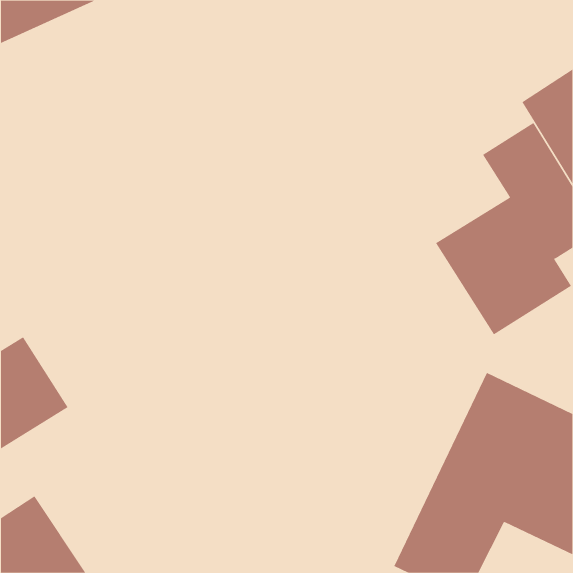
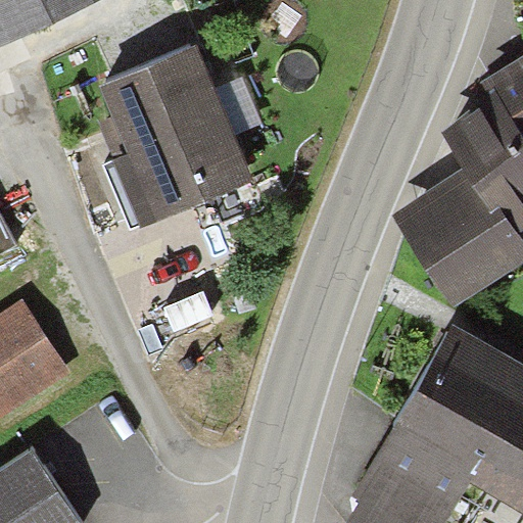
building: none -> [96,44,250,218]

